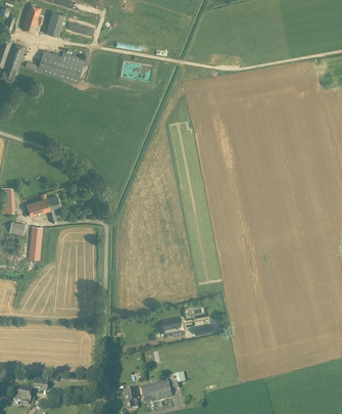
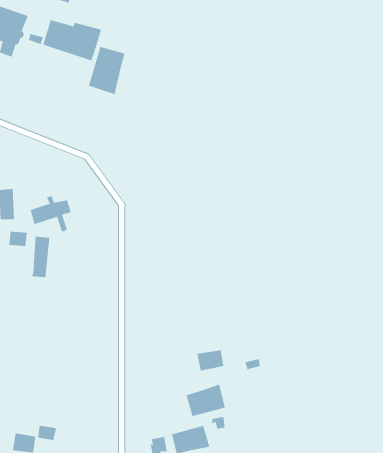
building: none -> [88,46,125,95]
building: none -> [186,384,225,417]

